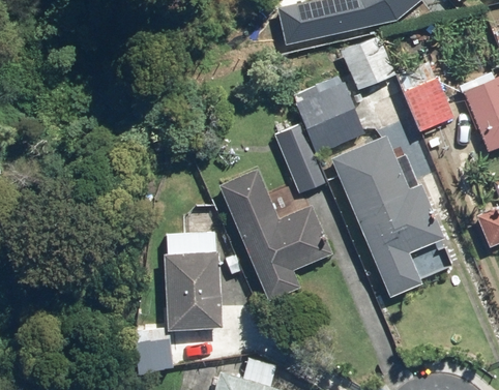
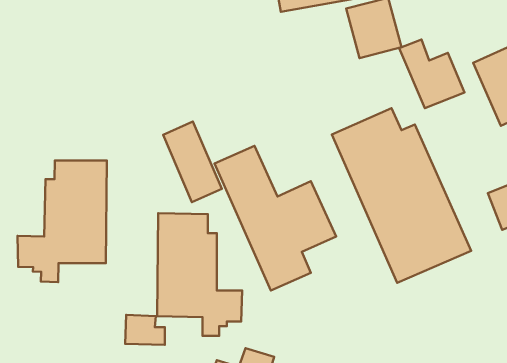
building: [296,73,363,152] -> none
building: [268,116,323,191] -> [163,122,222,202]
building: none -> [18,160,107,282]

